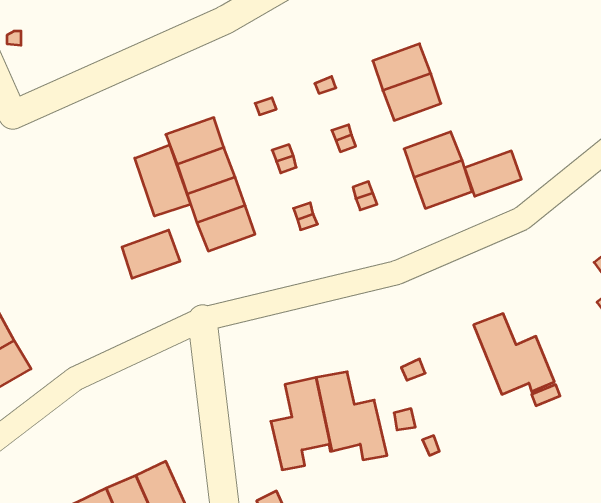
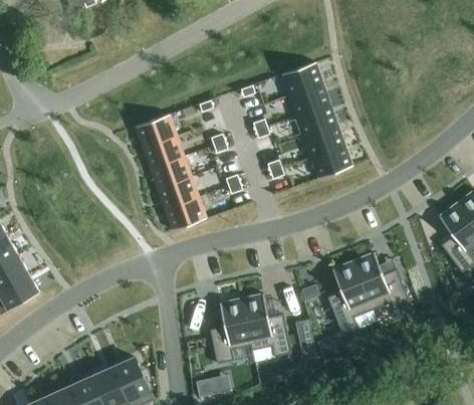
building: [135,145,191,216] -> none
building: [465,151,521,196] -> [297,104,337,136]
building: [122,230,180,278] -> [166,196,207,230]
building: none -> [327,260,374,334]

